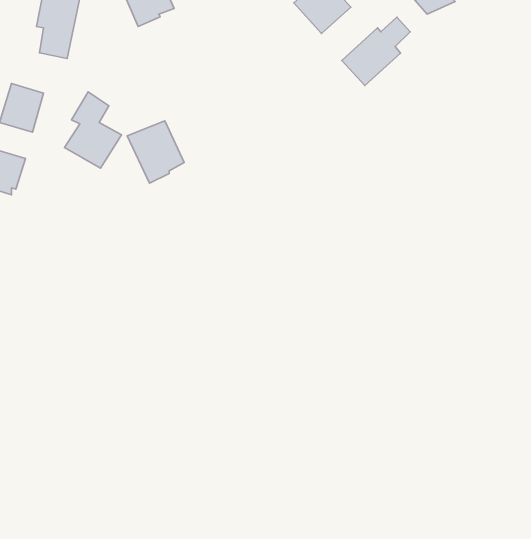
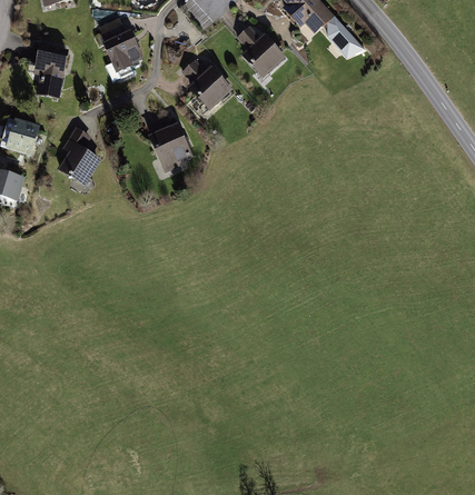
building: none -> [180,57,232,109]
building: [342,17,410,86] -> none
building: [127,121,184,183] -> [147,121,192,171]

